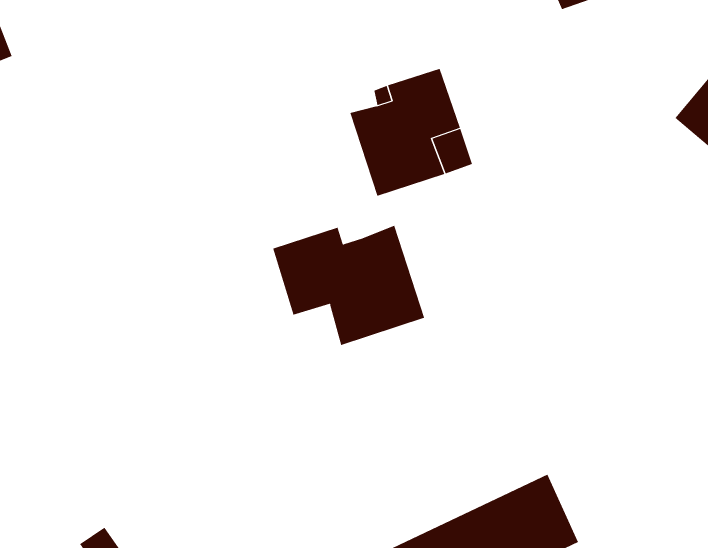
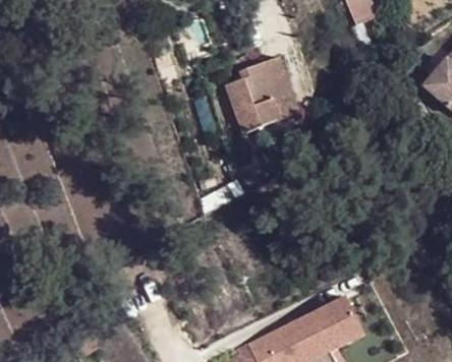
building: [273,225,425,346] -> none

